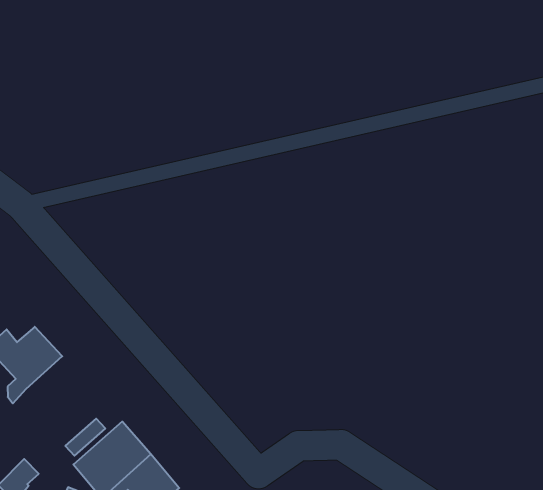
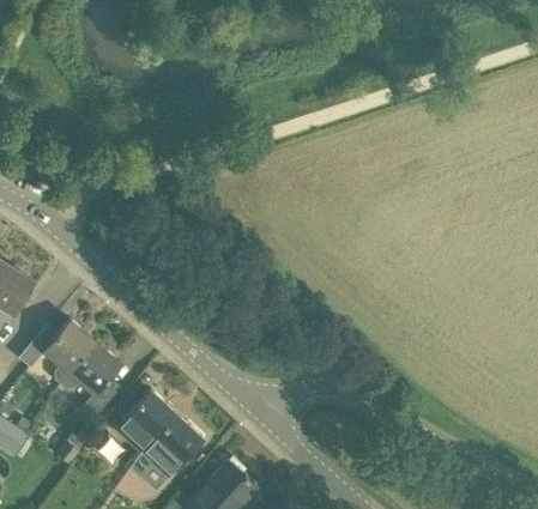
building: none -> [59,343,120,420]

